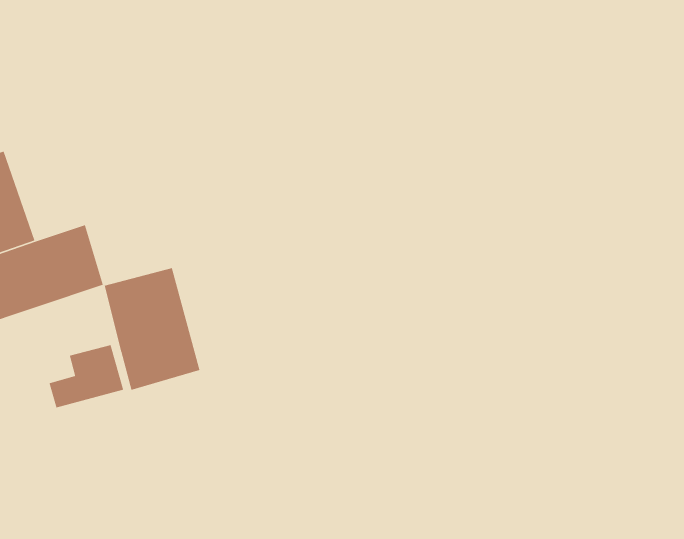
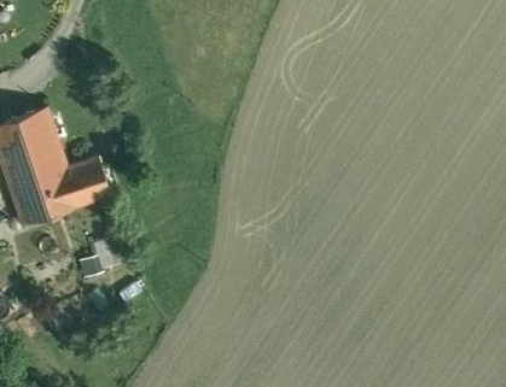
building: [104,267,200,391] -> none

